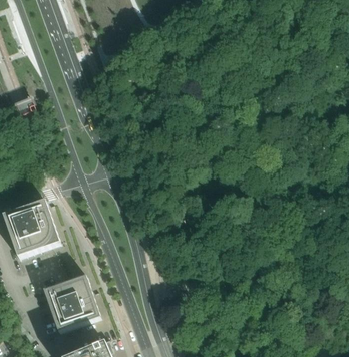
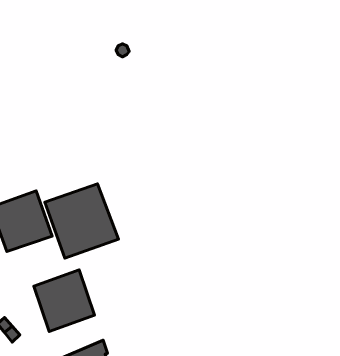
building: none -> [45,184,118,258]

